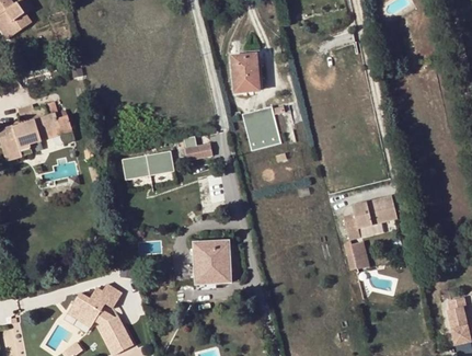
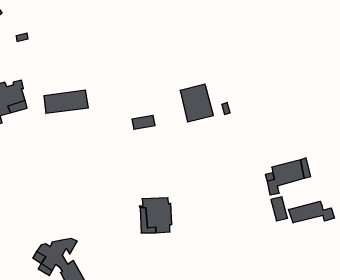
building: [232,55,258,93] -> none
building: [124,150,176,177] -> [44,90,88,113]
building: none -> [288,201,335,223]

